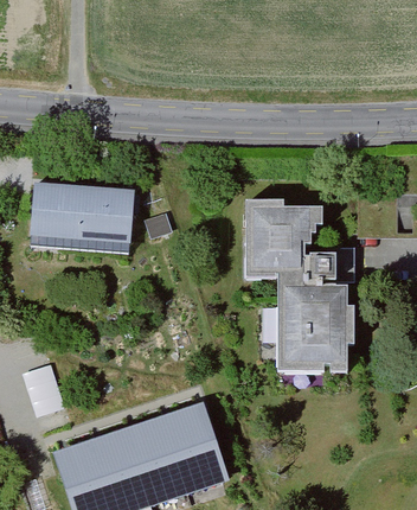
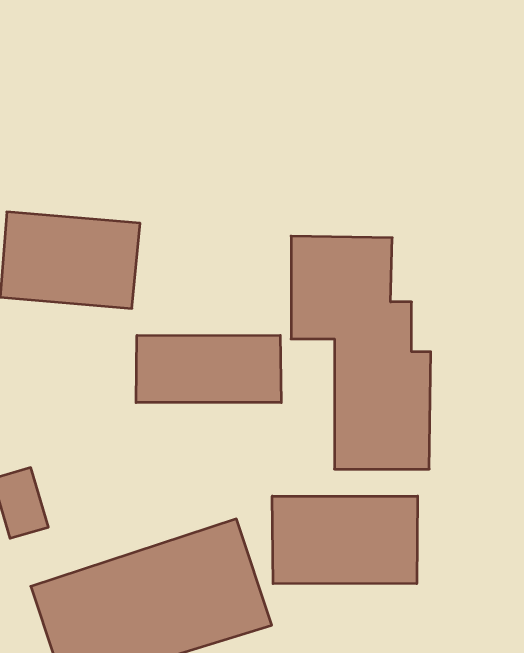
building: none -> [136,335,281,403]
building: none -> [272,496,418,584]

